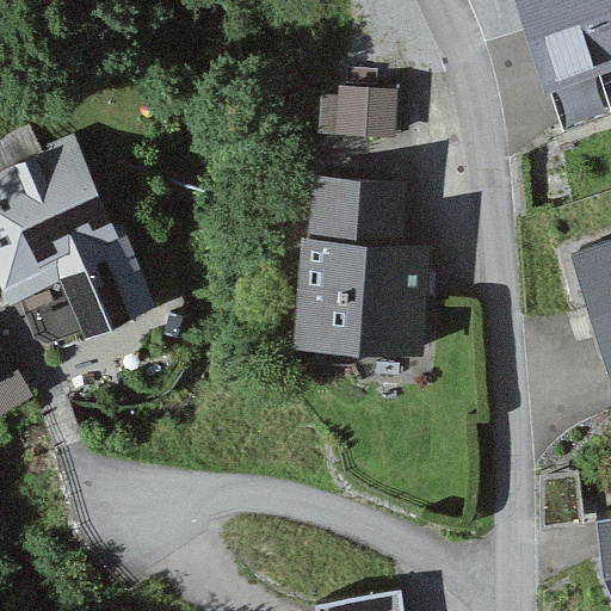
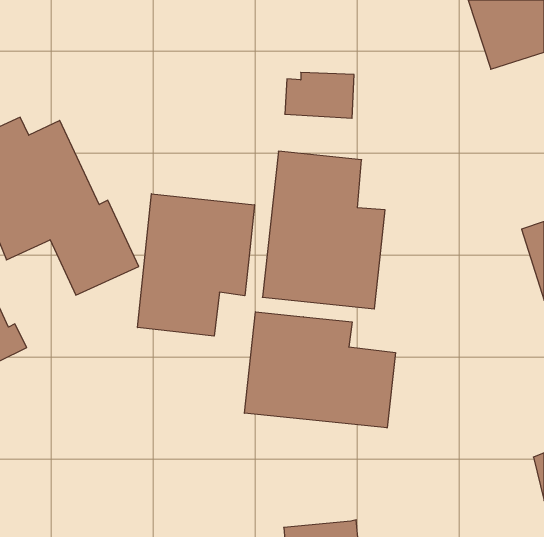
building: none -> [138,194,254,336]
building: none -> [244,312,395,428]

